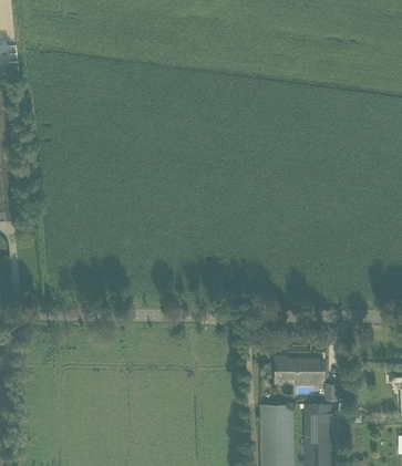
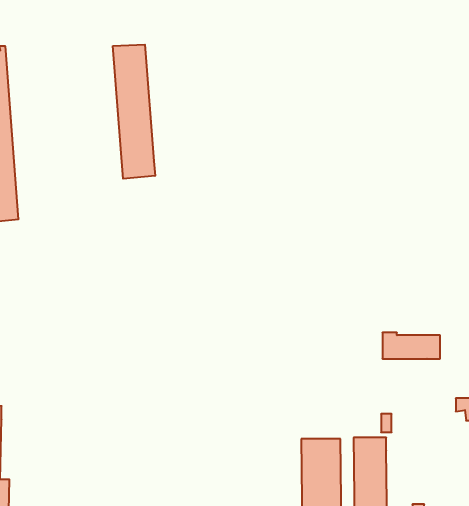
building: none -> [113,45,155,179]
building: [274,358,322,380] -> [382,333,440,359]

